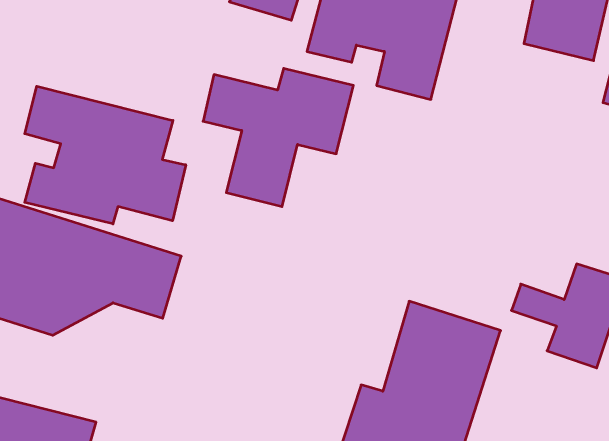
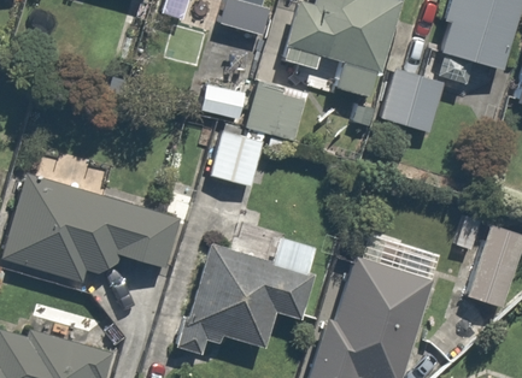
building: none -> [382,71,453,132]
building: [25,86,186,224] -> none
building: none -> [178,240,319,356]

